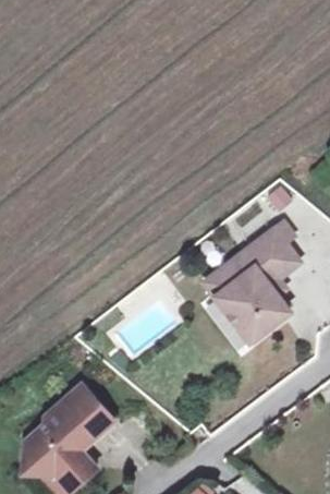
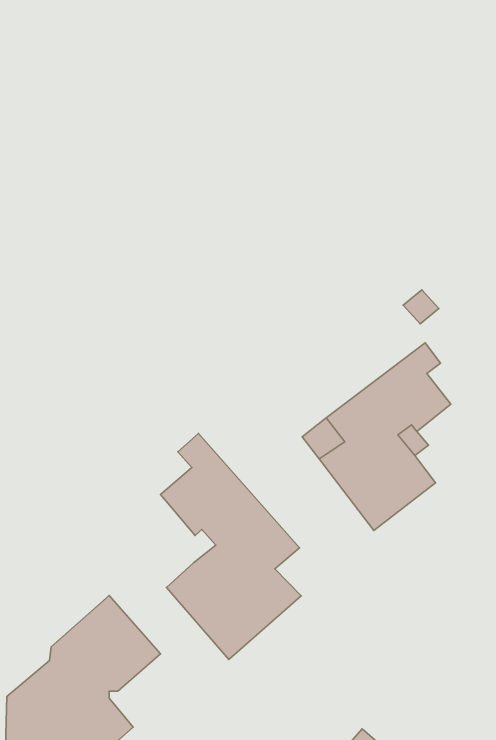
building: none -> [160,433,301,660]

